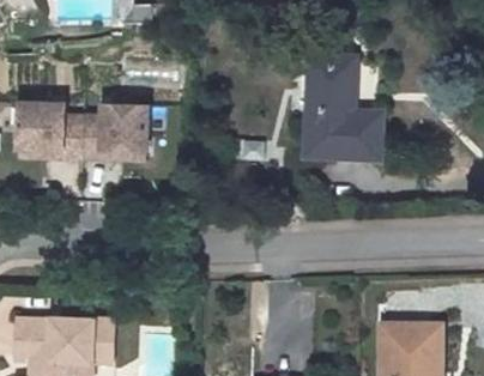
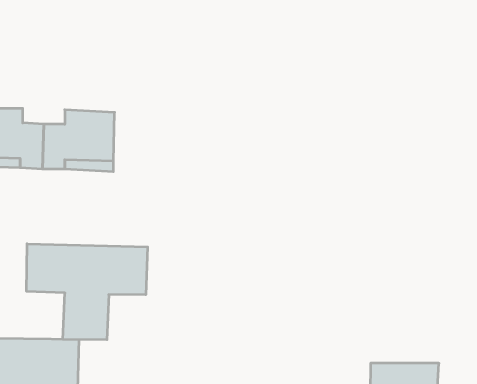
building: [308,53,382,154] -> none
building: none -> [27,244,148,340]

